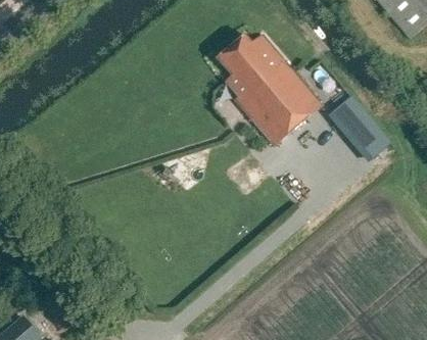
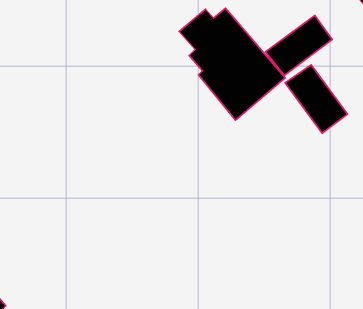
building: none -> [266,15,332,75]

